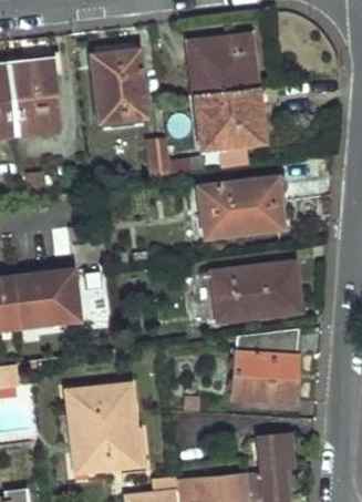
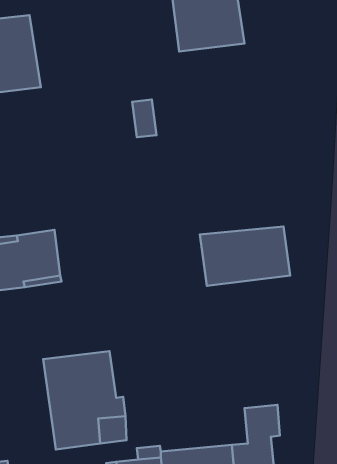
building: [91,59,148,123] -> none
building: [195,85,263,147] -> none
building: [199,178,283,236] -> none
building: [238,328,301,401] -> none

